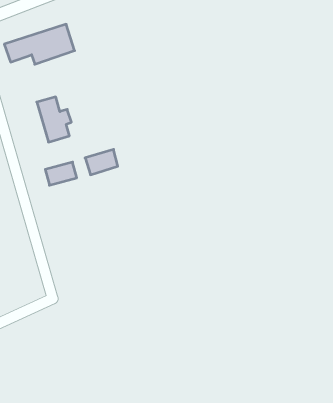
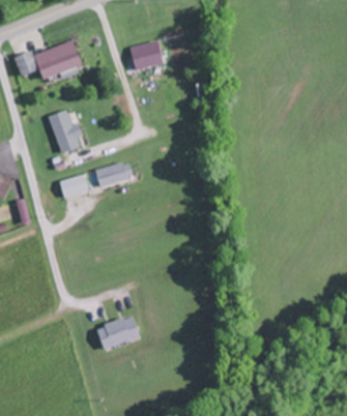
building: none -> [128,38,165,70]
building: none -> [93,314,141,351]

